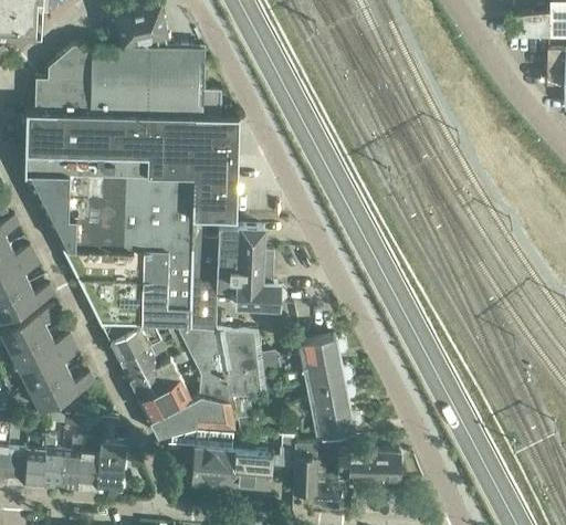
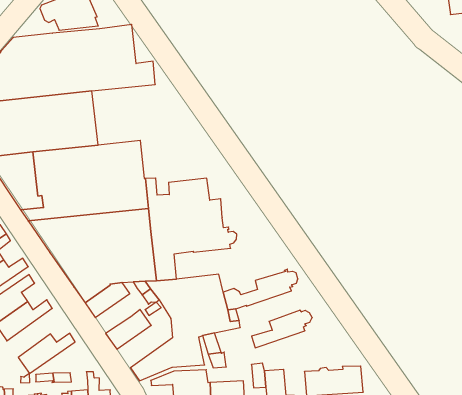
building: [148,116,239,220] -> none
building: [119,342,166,381] -> none
building: [20,346,78,395] -> none
building: [285,363,350,392] -> none
building: [138,379,189,420] -> none
building: [295,408,360,439] -> none

